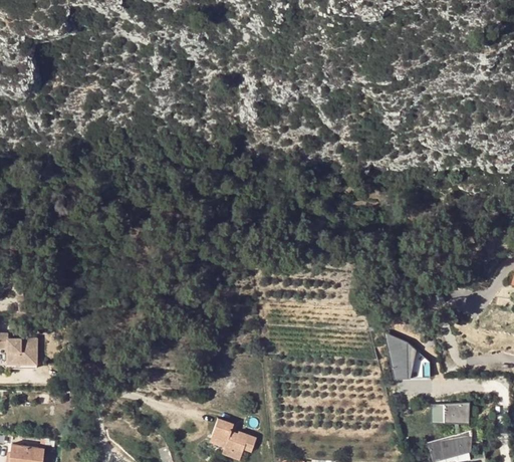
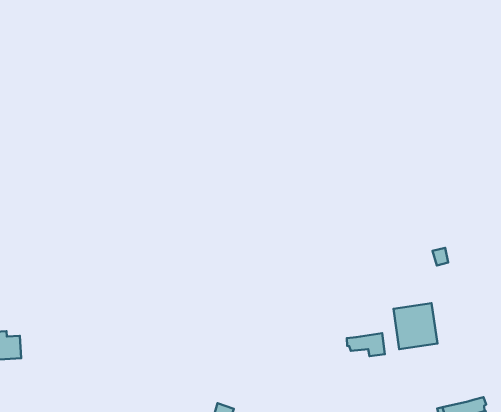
building: none -> [347,333,385,356]
building: [445,401,466,423] -> none

